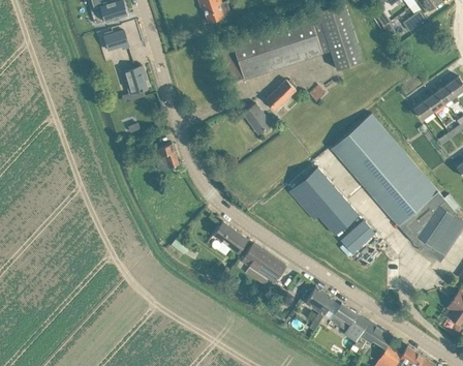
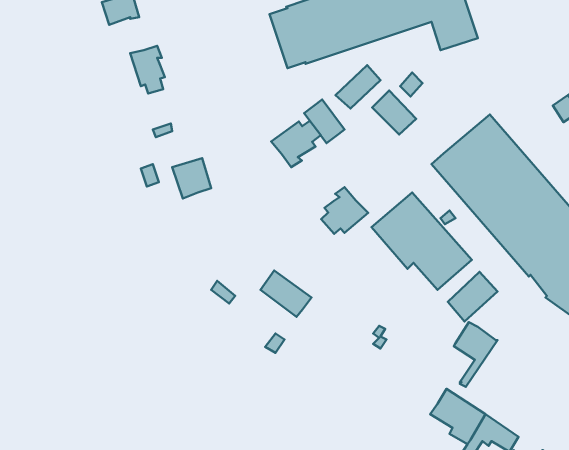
building: none -> [372,90,416,135]
building: none -> [271,121,321,167]
building: none -> [321,187,368,234]
building: [241,244,286,283] -> none
building: [305,286,335,331] -> [454,322,497,387]

